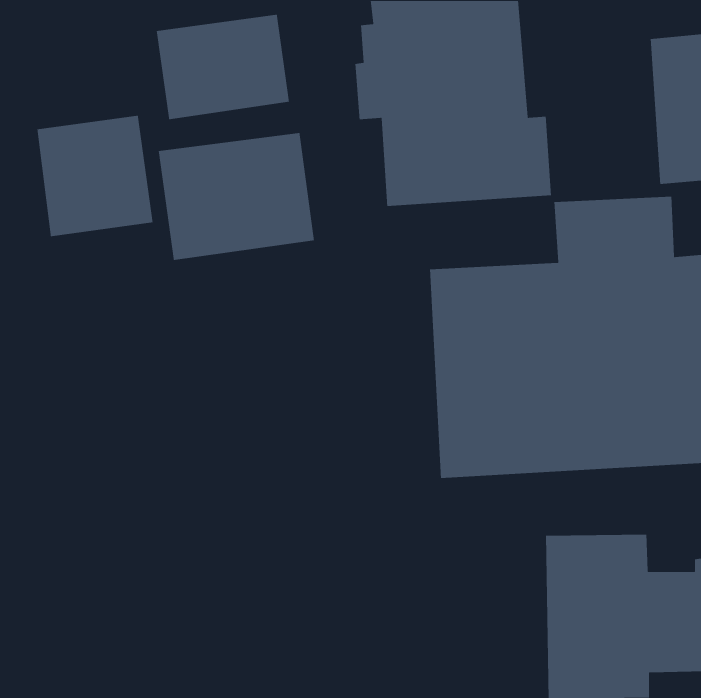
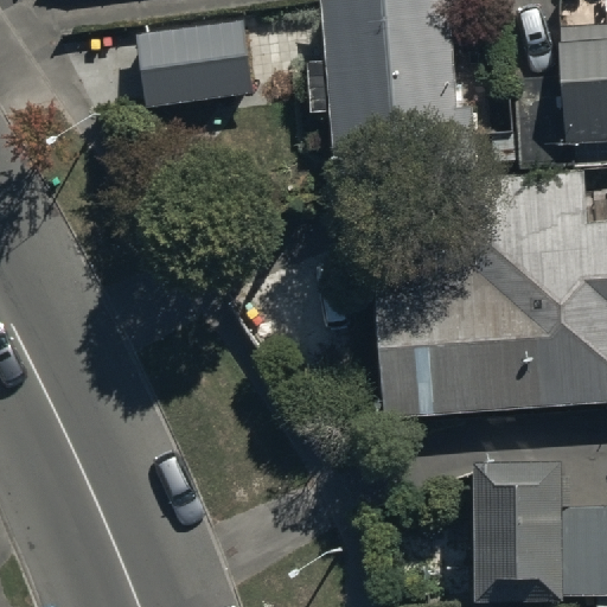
building: [36,115,154,237] -> none
building: [158,132,315,261] -> none

